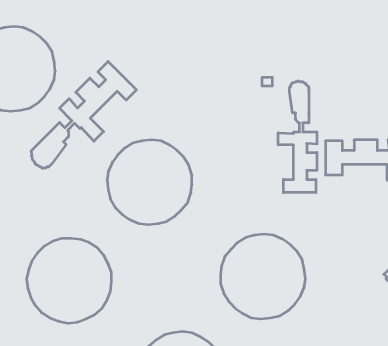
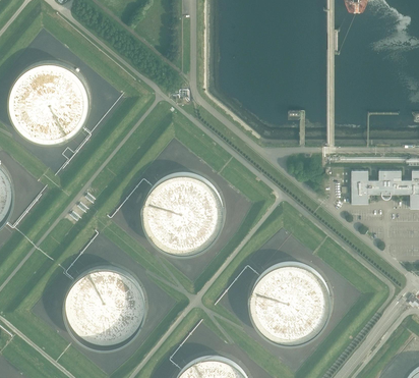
building: [31,61,136,168] -> none
building: [278,81,317,193] -> none

